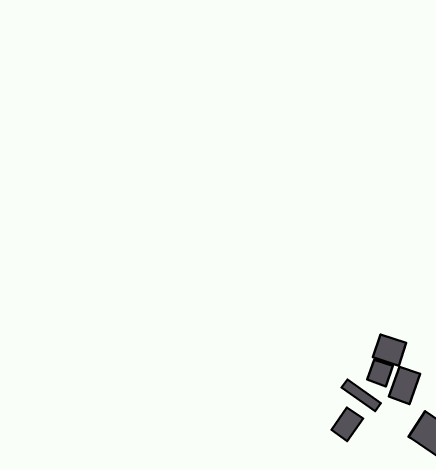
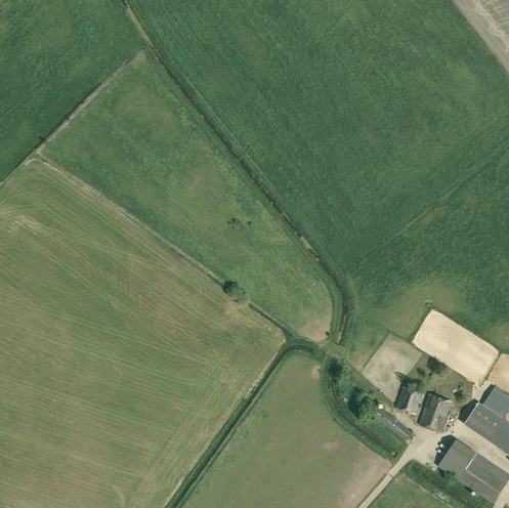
building: [373,335,406,366] -> none
building: [332,408,363,441] -> none

